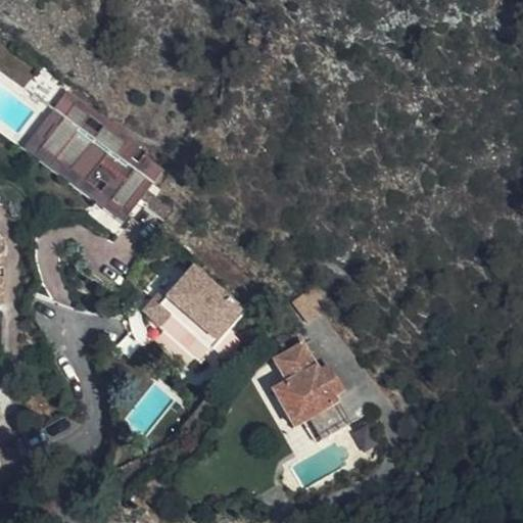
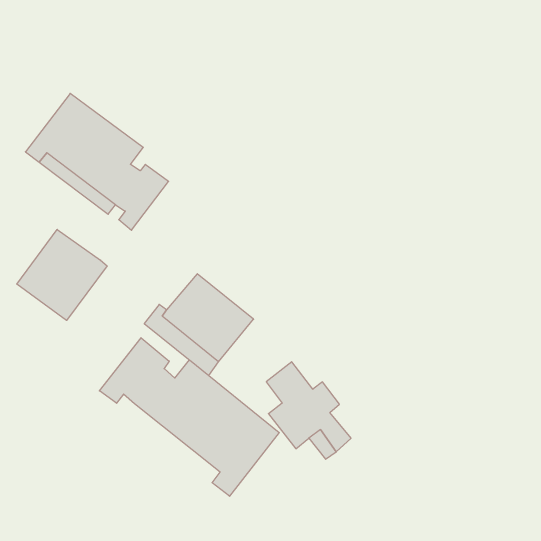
building: none -> [17,229,107,320]
building: none -> [99,338,279,496]

